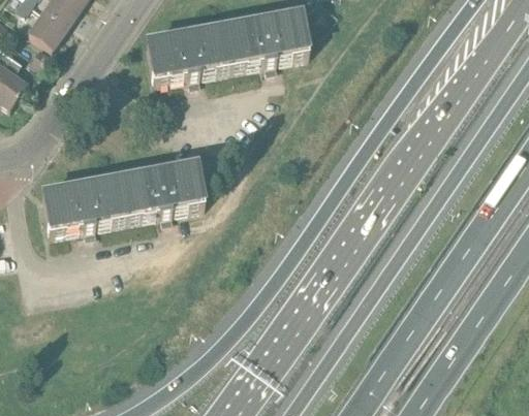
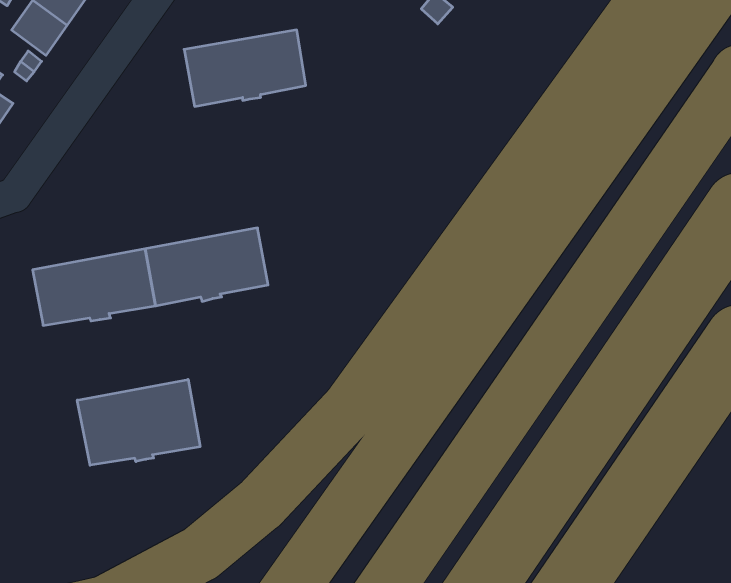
building: [224,11,308,64] -> none
building: none -> [77,379,200,465]

